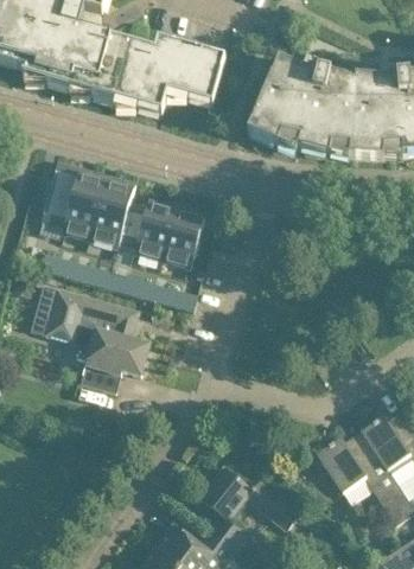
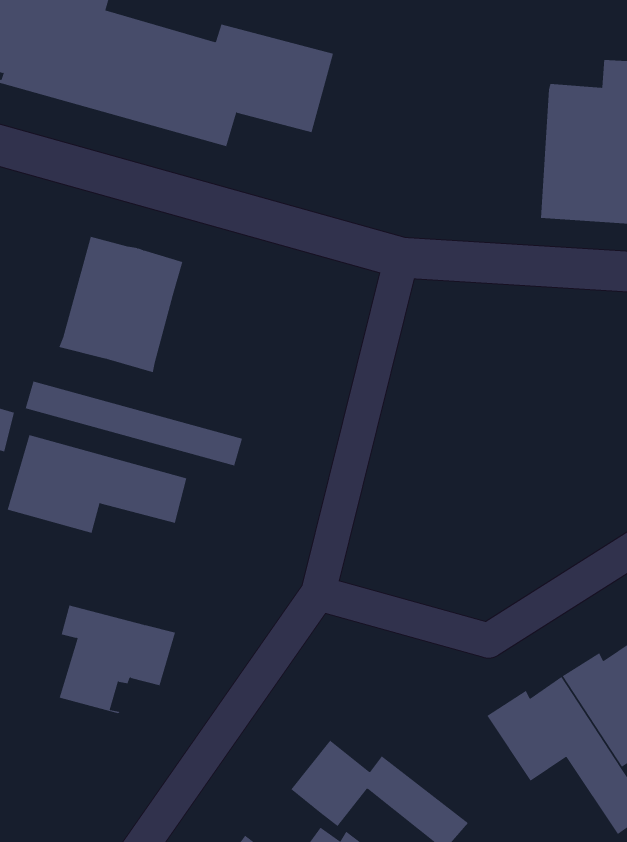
building: [247,55,354,160] -> none
building: [40,161,79,228] -> none
building: [119,200,204,269] -> none
building: [79,327,149,392] -> [59,605,176,714]

